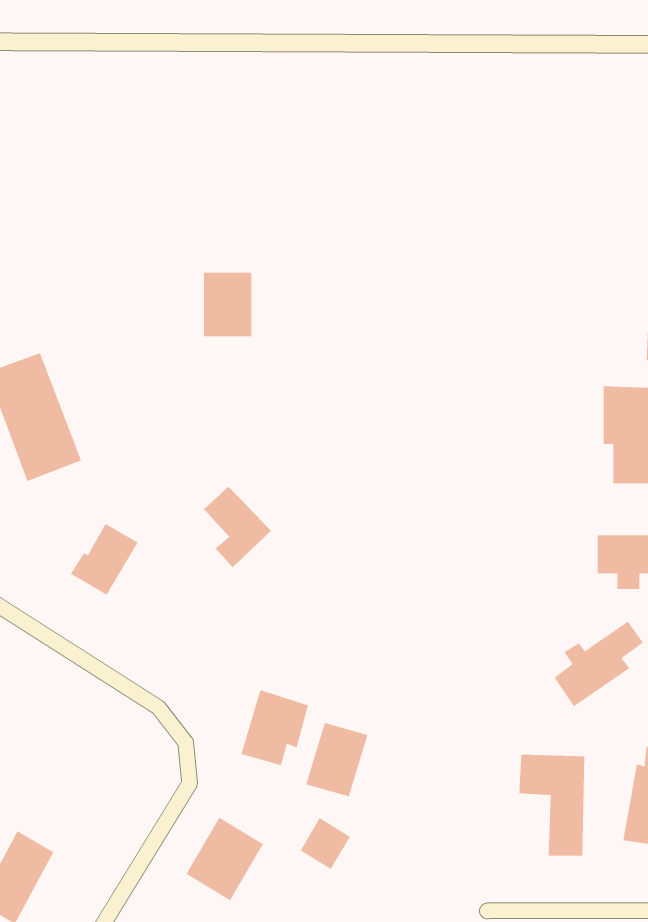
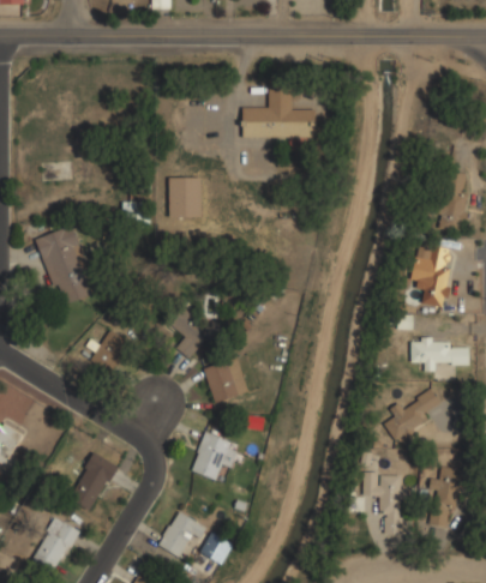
building: none -> [241,88,314,138]
building: none -> [204,359,247,403]
building: [305,722,368,797] -> none
building: none -> [70,453,115,512]
building: [300,817,351,870] -> [199,533,230,565]

